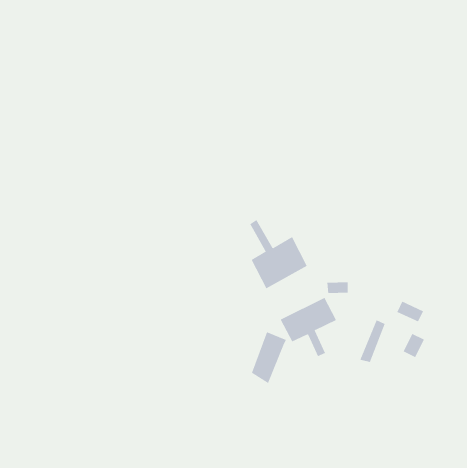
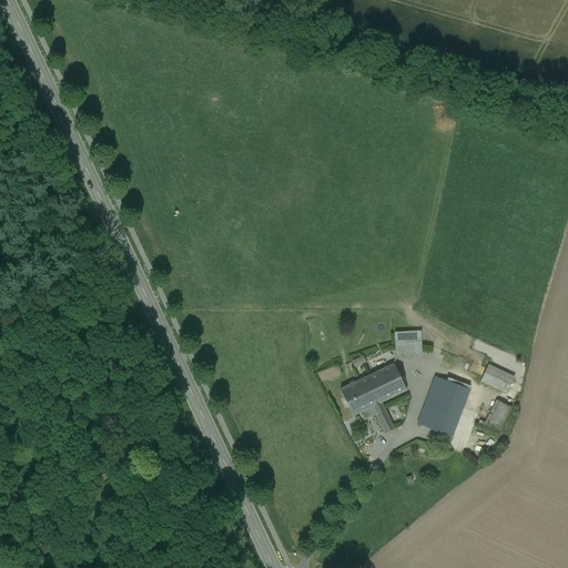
building: [249,219,308,289] -> none
building: [251,331,287,384] -> [416,372,459,435]

